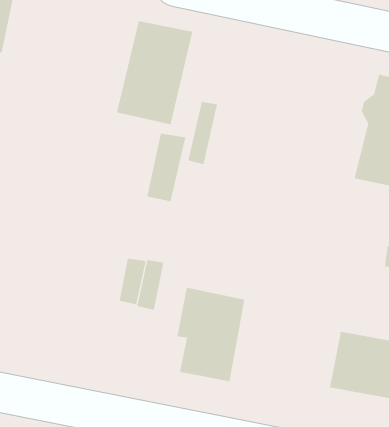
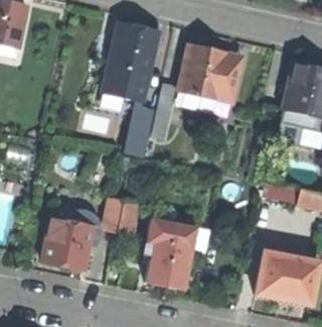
building: none -> [179,43,240,112]
building: none -> [43,211,100,268]

